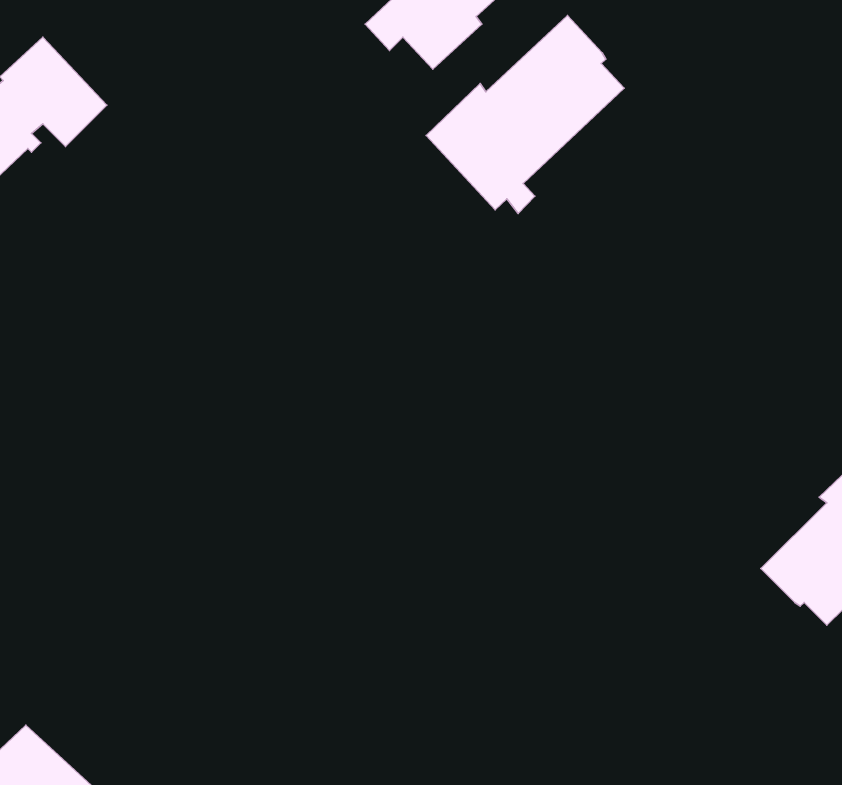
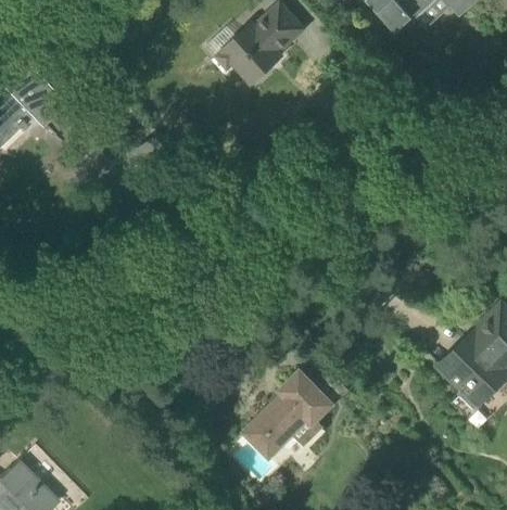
building: [426,16,624,213] -> none
building: none -> [242,369,332,459]

